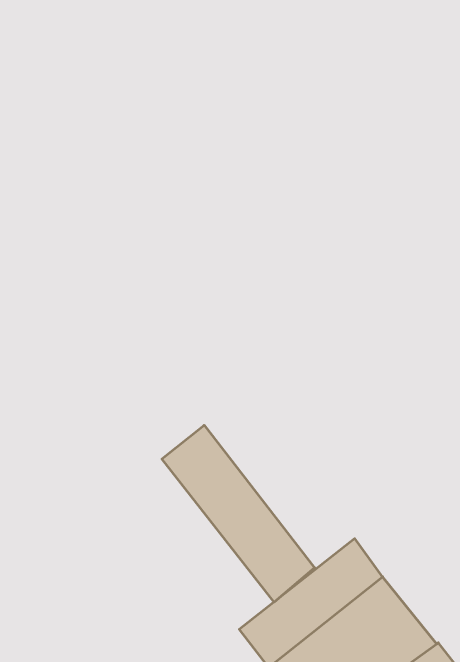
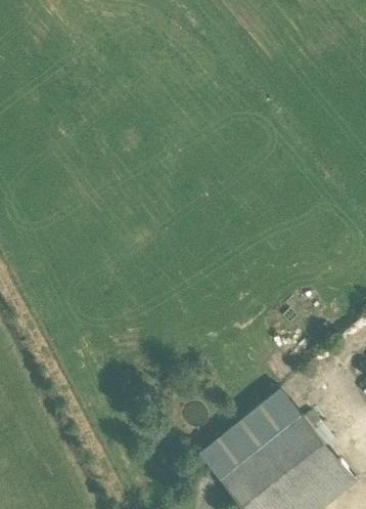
building: [162,425,315,602] -> none

